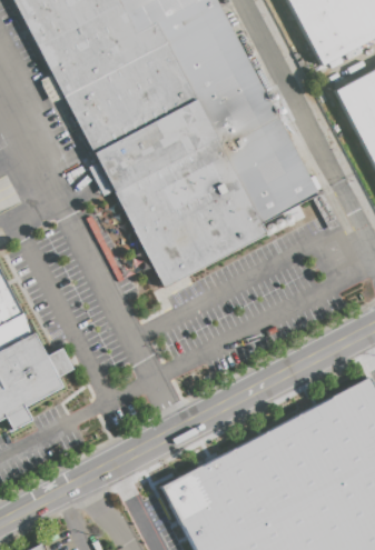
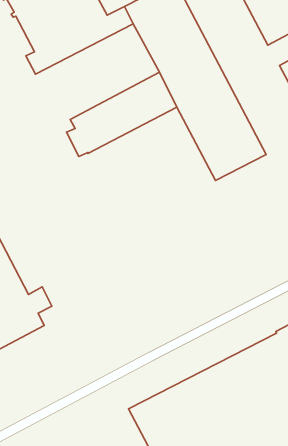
building: [53,43,196,153] -> none
building: [114,139,266,288] -> none

